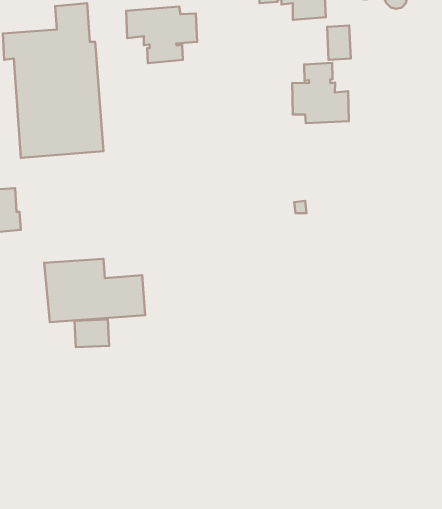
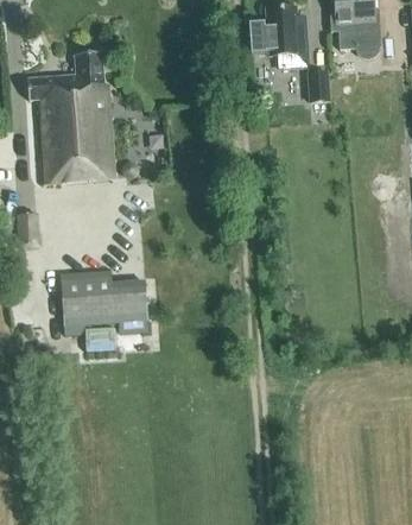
building: [126,6,197,63] -> none
building: [292,63,349,123] -> none

